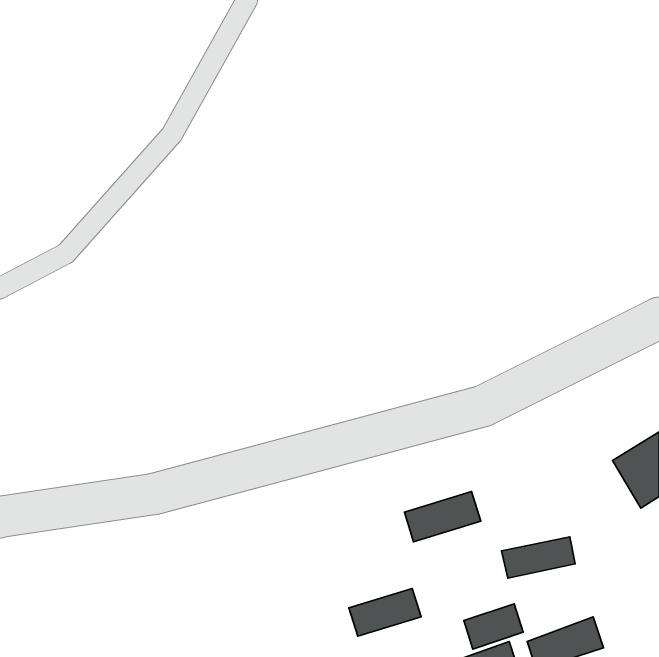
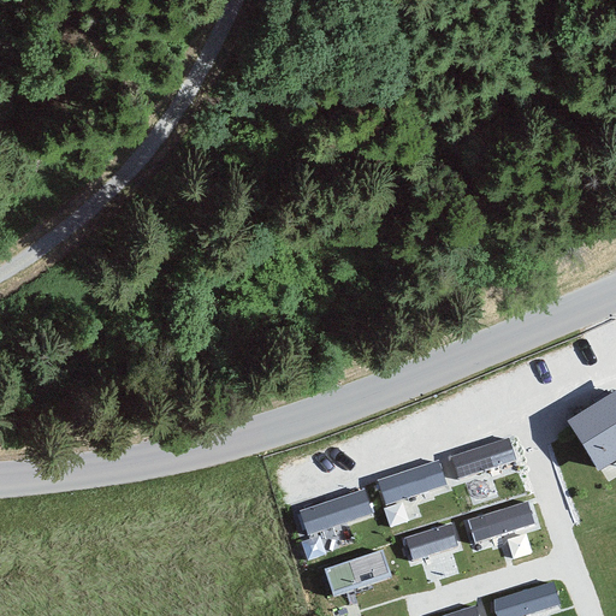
building: none -> [450,437,516,480]
building: none -> [301,491,374,533]
building: [464,604,523,649] -> [404,520,460,562]

